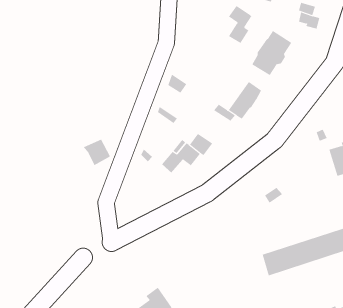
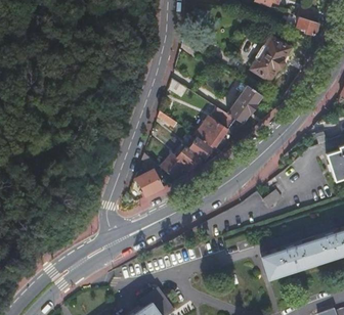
building: [228,5,252,44] -> none
building: none -> [195,119,227,148]
building: [83,139,111,166] -> [135,170,163,196]

